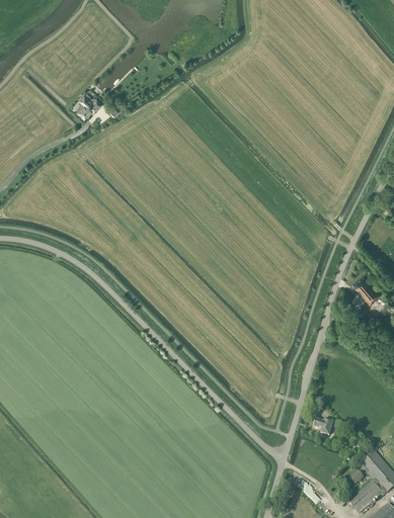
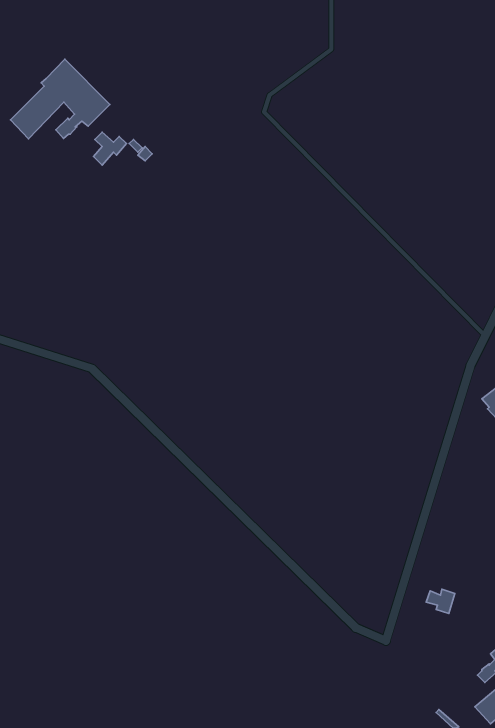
building: none -> [10,59,110,139]

